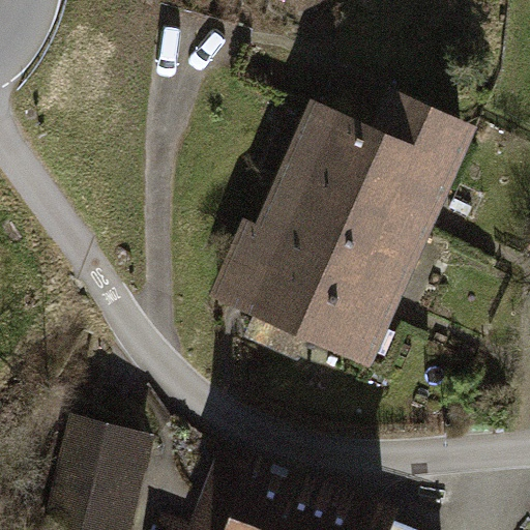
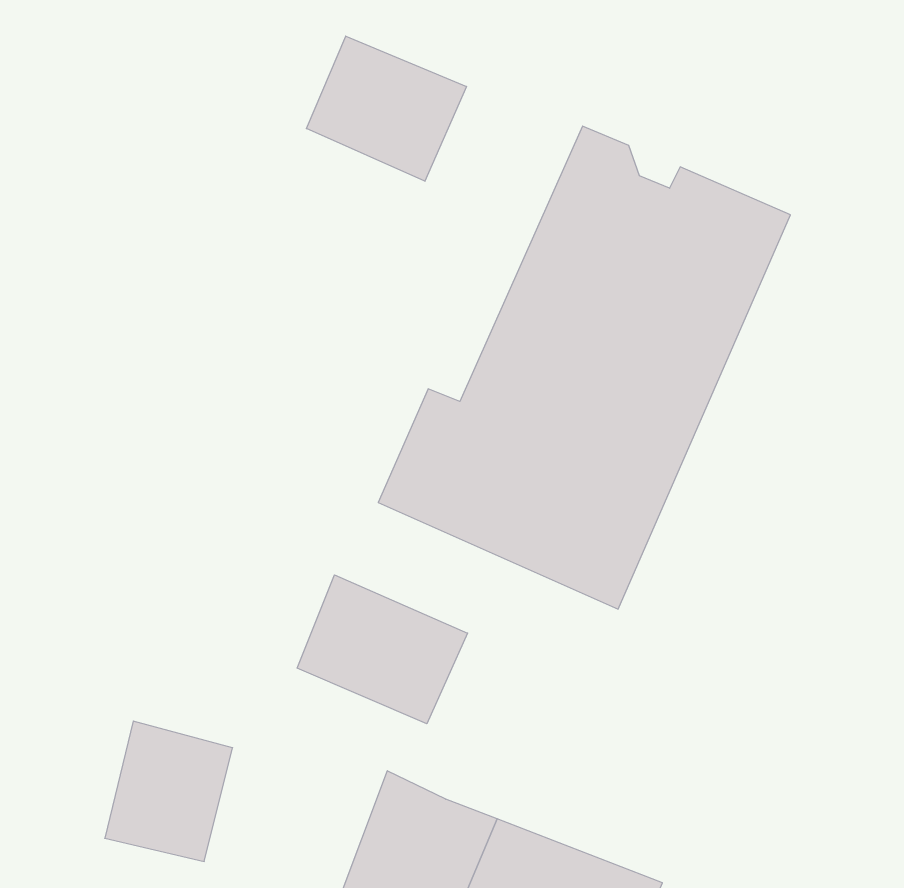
building: none -> [306,36,466,181]
building: none -> [297,575,468,724]

